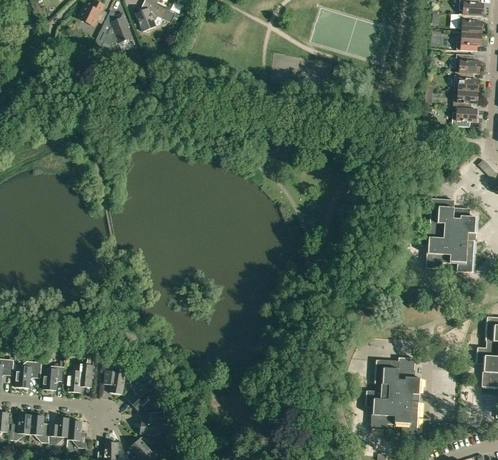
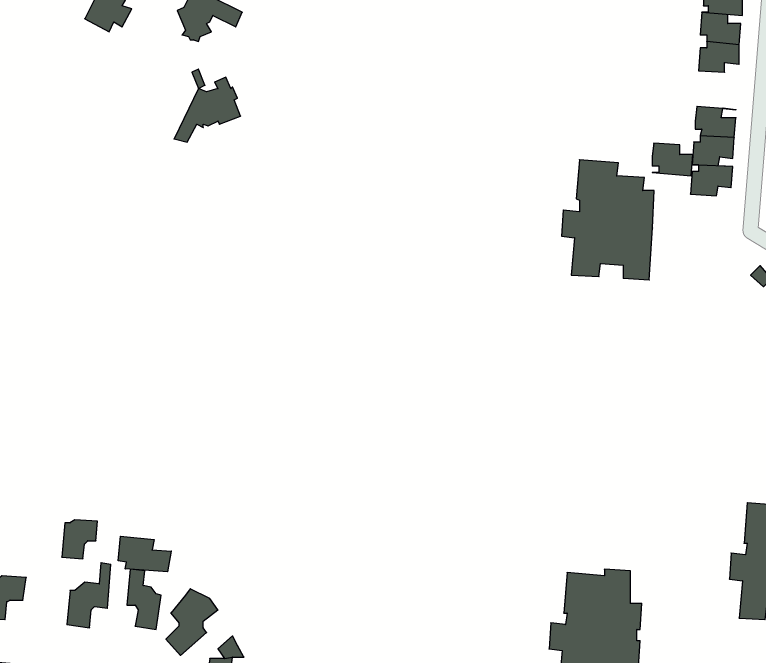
building: [90,13,131,53] -> [174,77,241,142]
building: [455,54,480,74] -> [652,143,693,176]
building: [419,198,476,272] -> [562,160,654,280]
building: none -> [118,536,171,572]
building: [43,366,65,390] -> [62,520,97,559]

